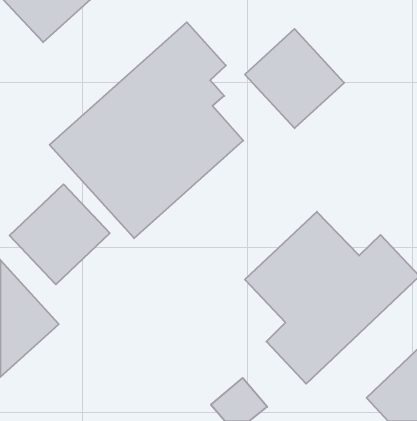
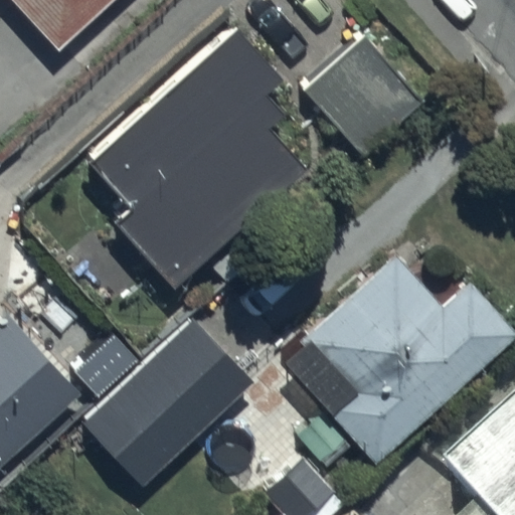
building: [10,184,110,284] -> none
building: none -> [80,317,251,486]

